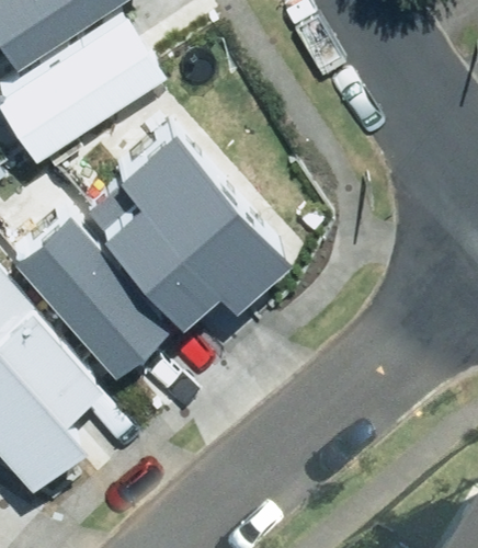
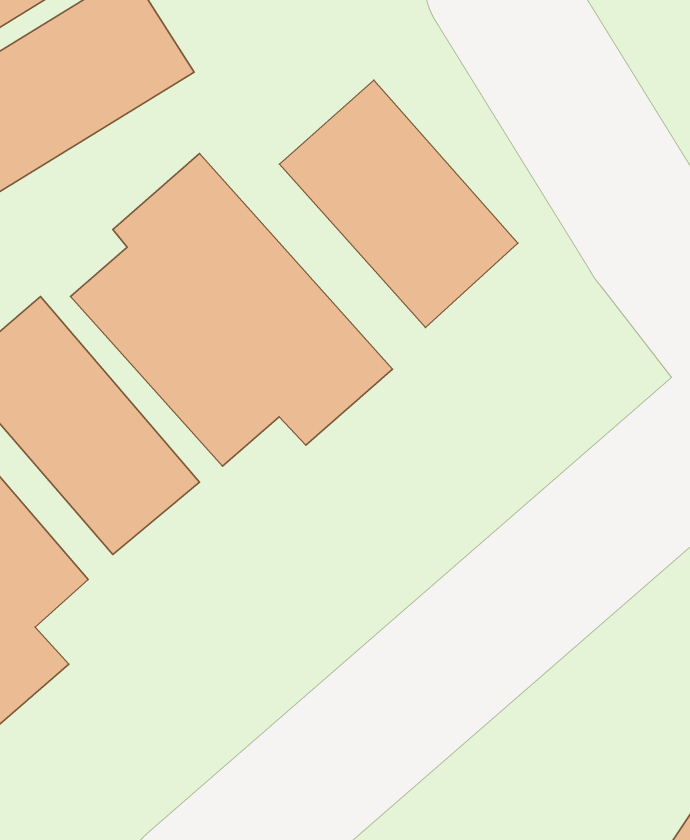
building: none -> [280,80,518,327]

